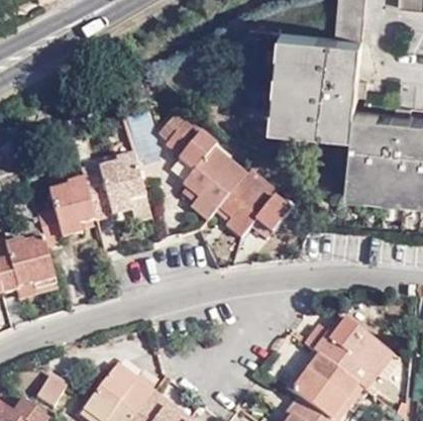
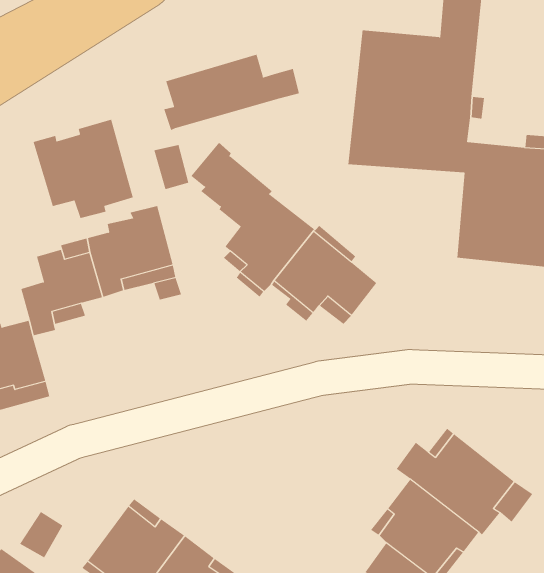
building: none -> [163,54,300,131]
building: none -> [33,119,134,219]

